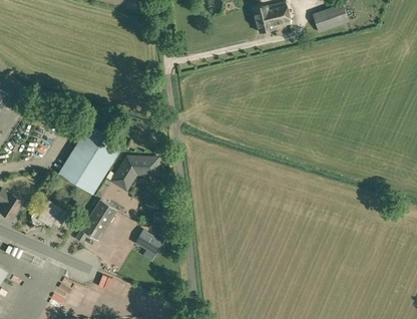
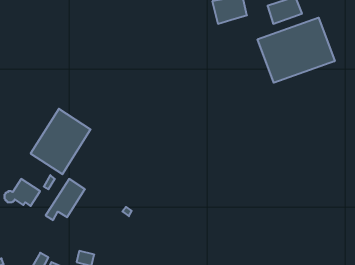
building: none -> [258,18,335,83]
building: [111,157,157,191] -> none
building: [133,229,161,255] -> none

